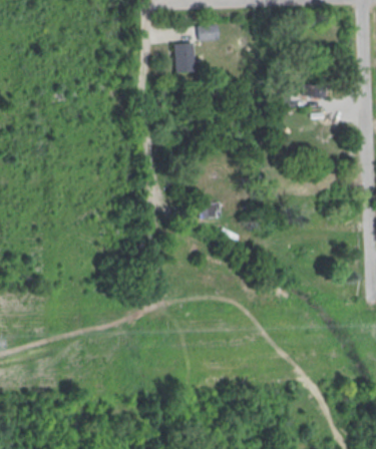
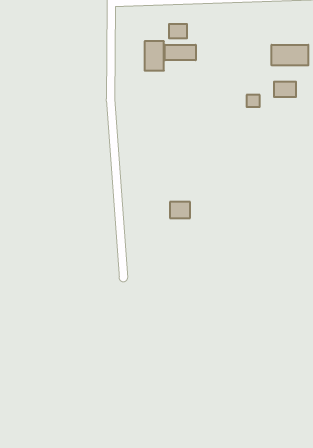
building: none -> [165,45,196,60]
building: none -> [272,45,308,65]

